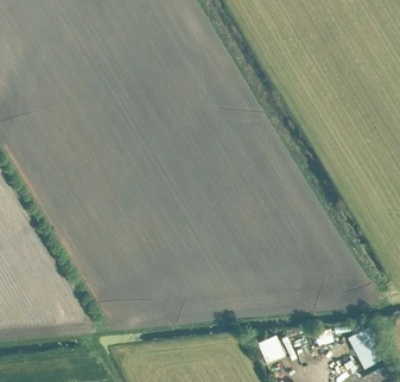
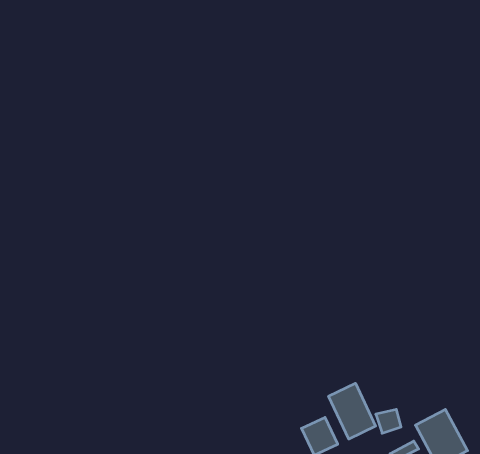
building: none -> [329,383,376,439]

